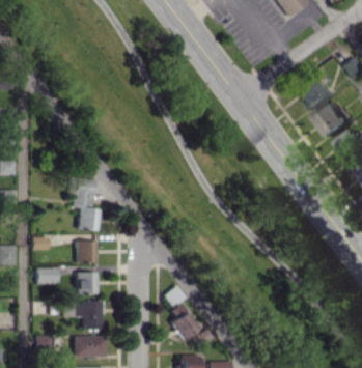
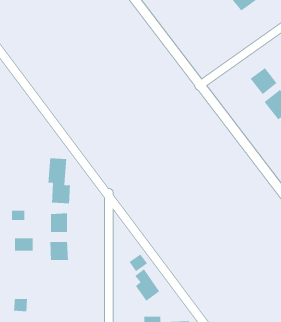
building: [64,302,103,330] -> none
building: [74,337,105,358] -> none

